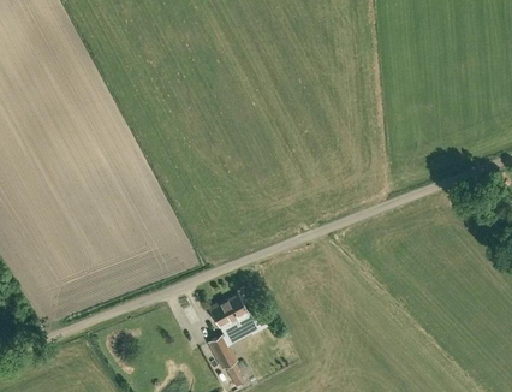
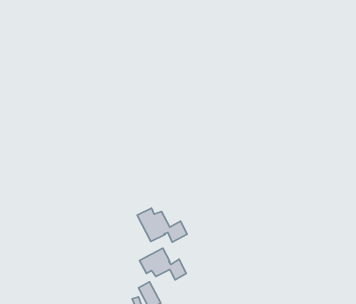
building: none -> [137,208,187,242]

